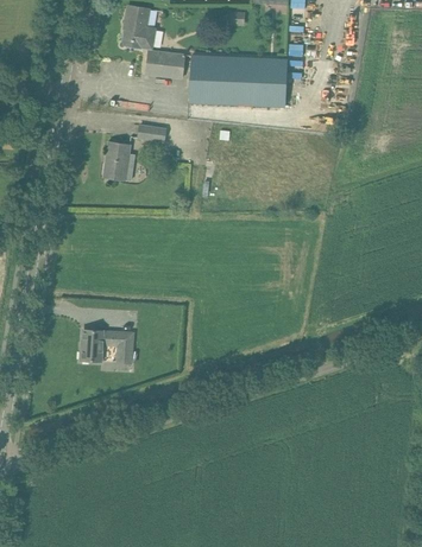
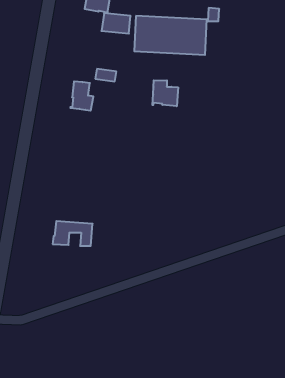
building: none -> [152,80,178,106]

